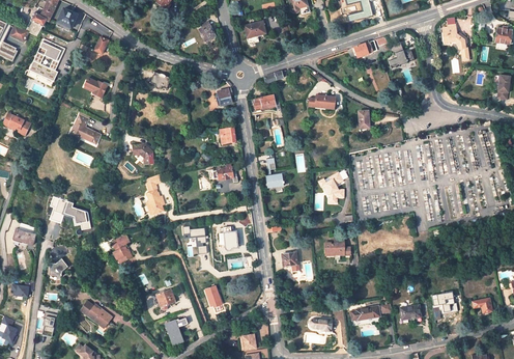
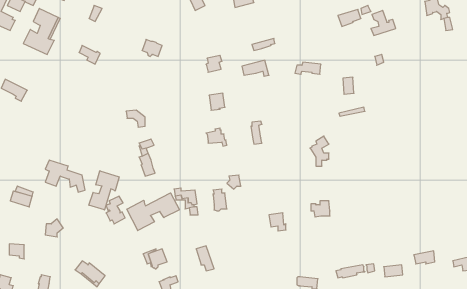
building: [68,111,99,144] -> none
building: none -> [89,171,119,210]
building: none -> [127,193,179,231]

